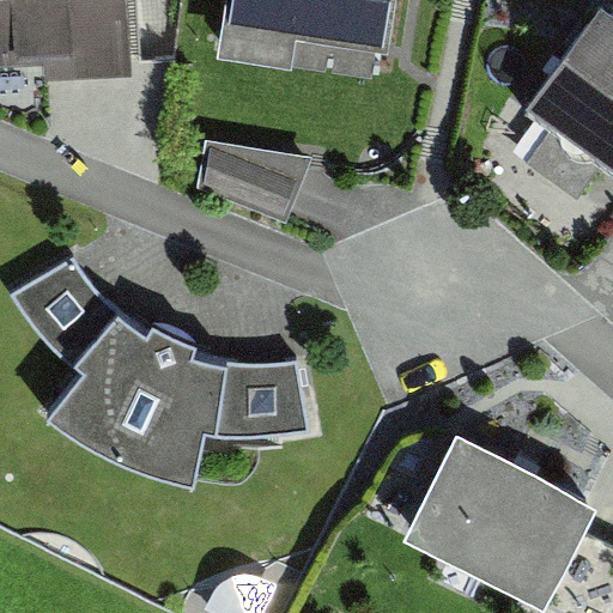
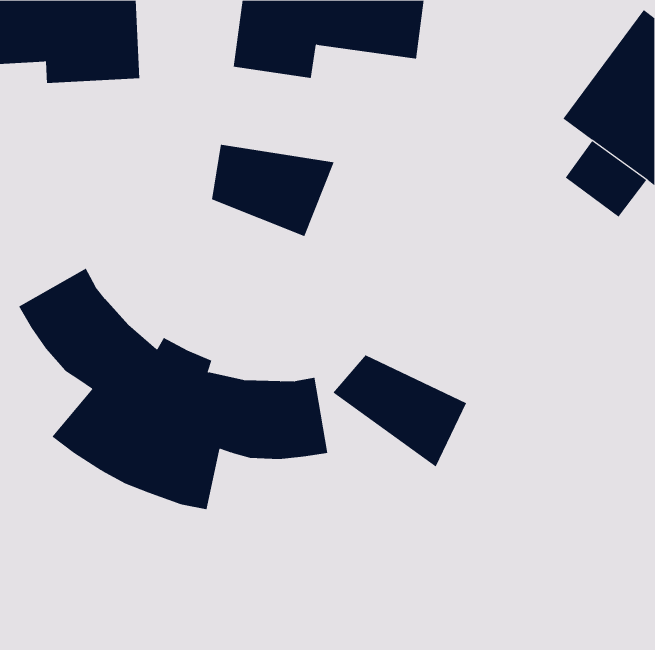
building: none -> [332,354,467,467]
building: [402,429,595,603] -> none

